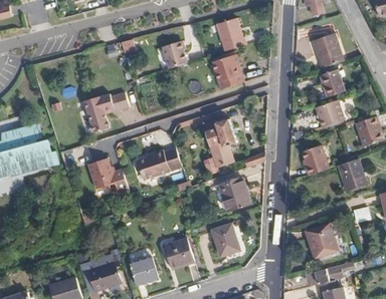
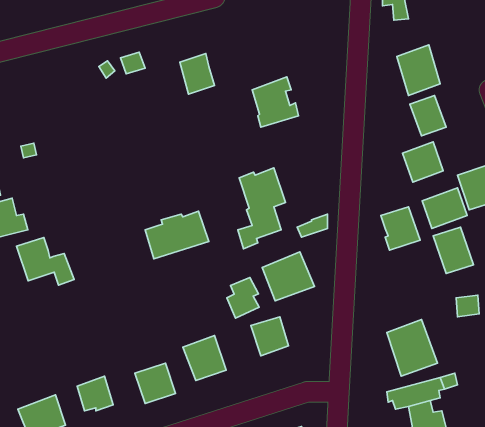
building: [216,16,246,49] -> none
building: [84,92,129,131] -> none
building: none -> [422,188,467,229]
building: [86,159,127,192] -> [16,237,74,285]
building: none -> [227,278,259,318]

